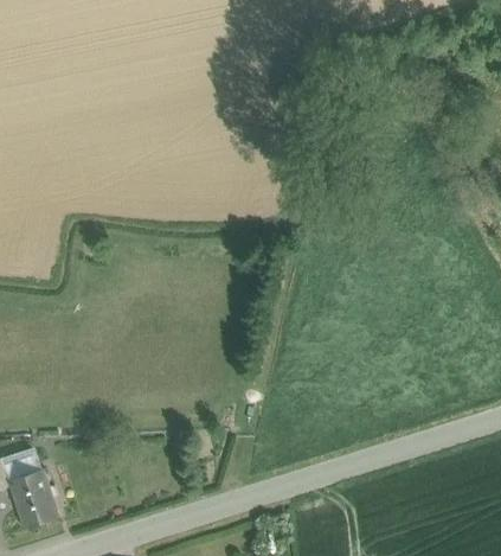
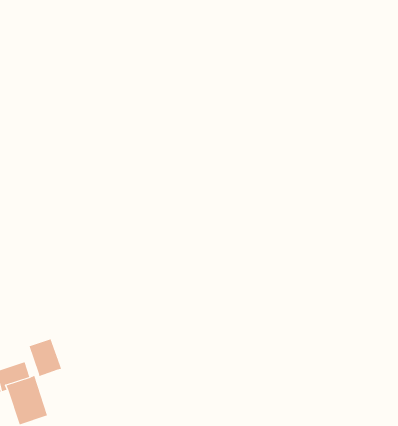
building: none -> [29,339,62,377]

